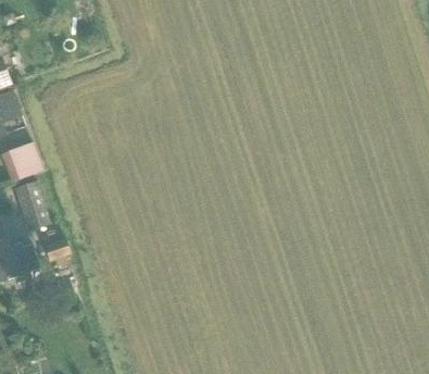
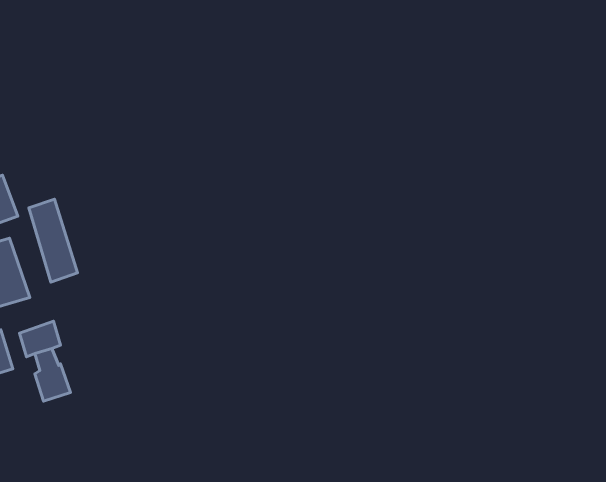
building: none -> [29,199,78,282]

